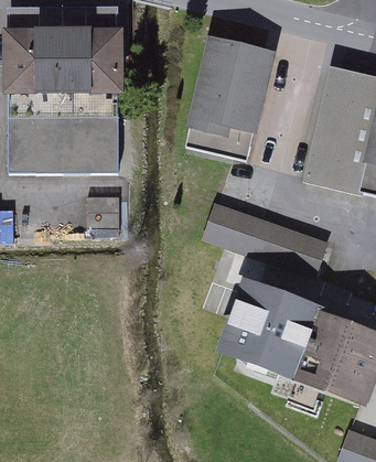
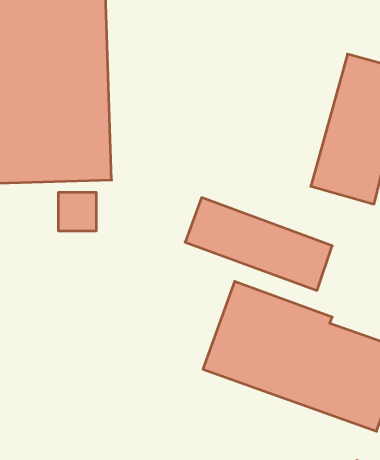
building: [185,36,273,164] -> none

